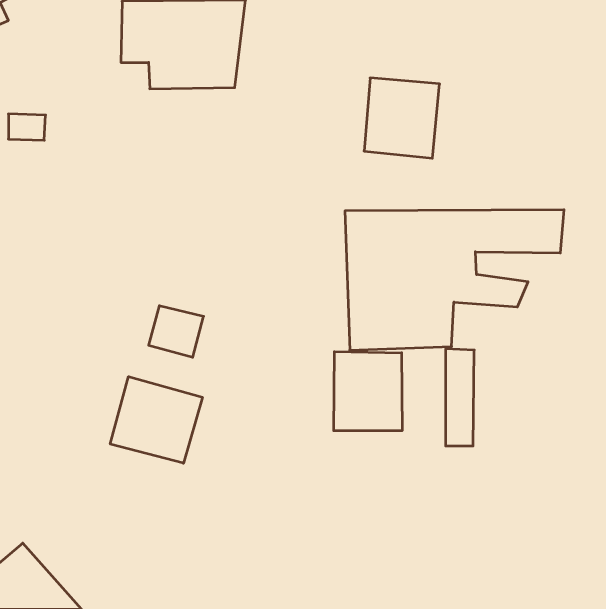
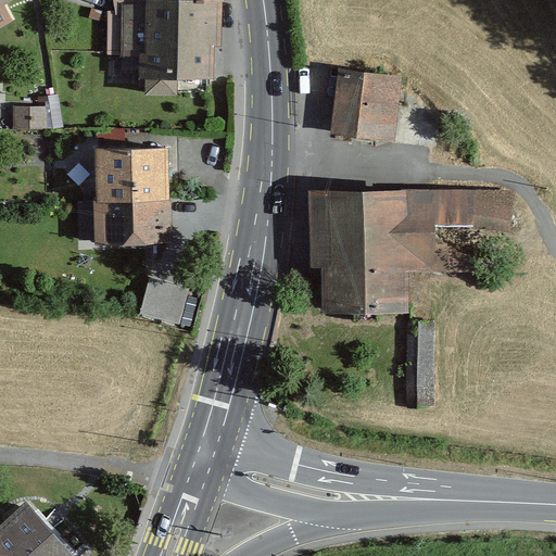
building: none -> [91,149,168,244]
building: [334,352,402,431] -> none
building: [110,377,202,463] -> none

